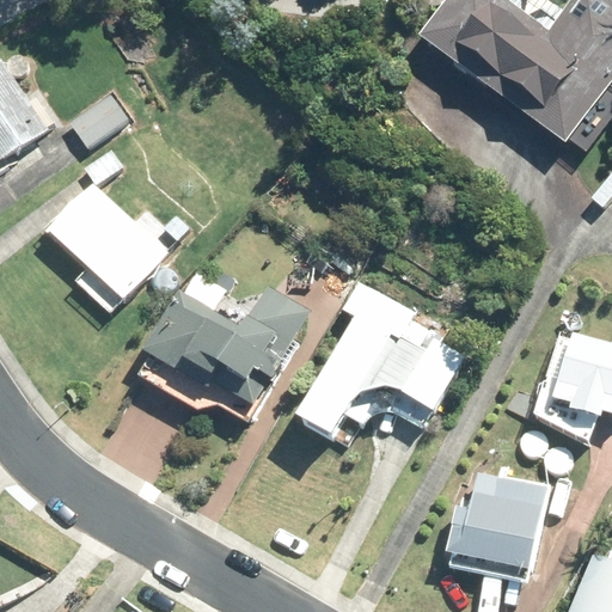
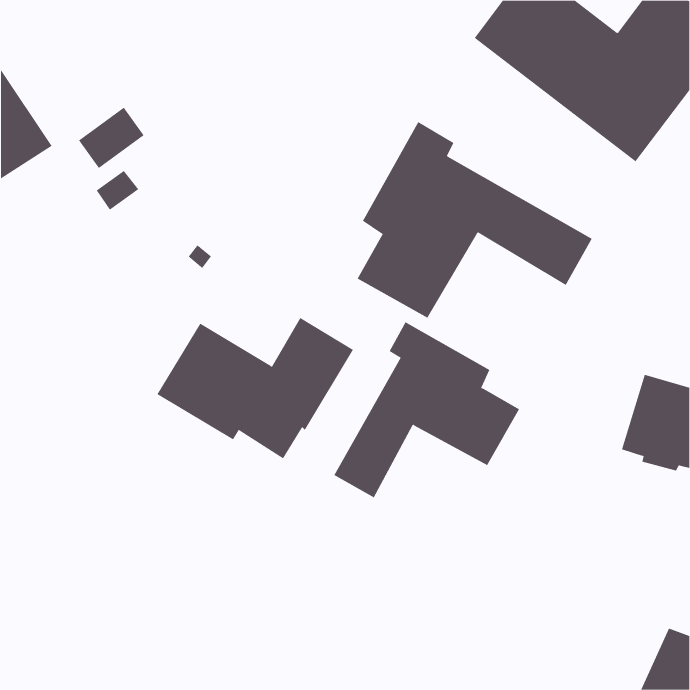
building: none -> [357,121,593,318]
building: [47,184,167,313] -> none
building: [443,472,546,571] -> none

